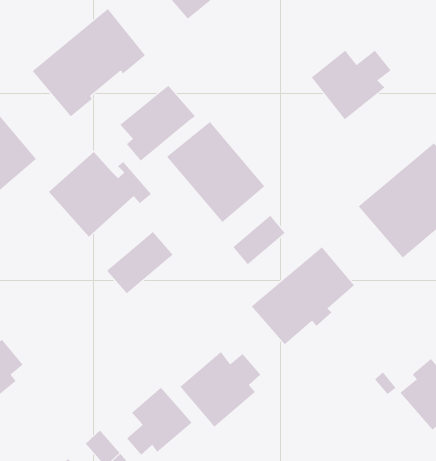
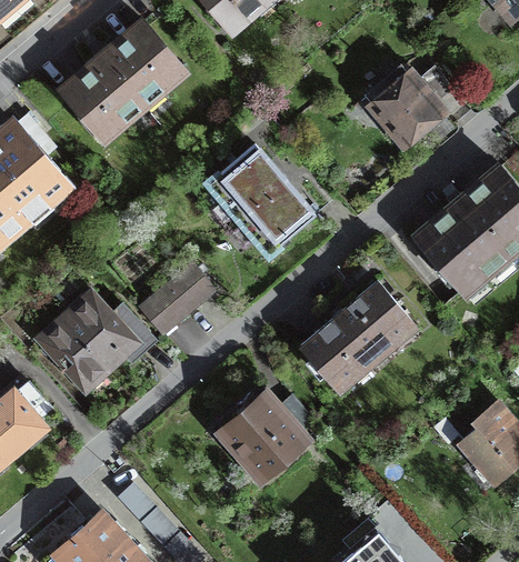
building: [120,85,196,162] -> none
building: [48,151,152,238] -> [40,294,153,389]
building: [233,215,286,265] -> none
building: [126,387,192,456] -> none

